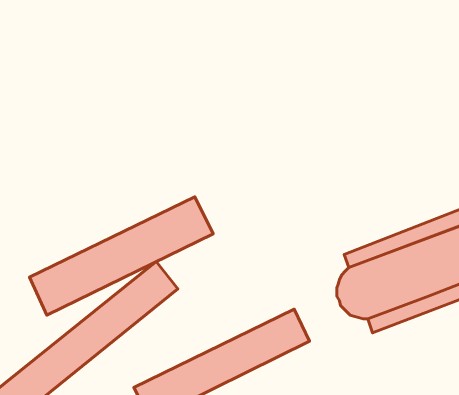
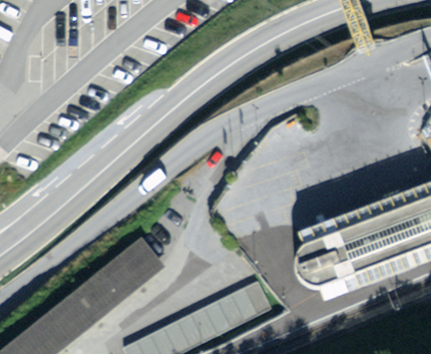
building: [29,197,213,315] -> none

